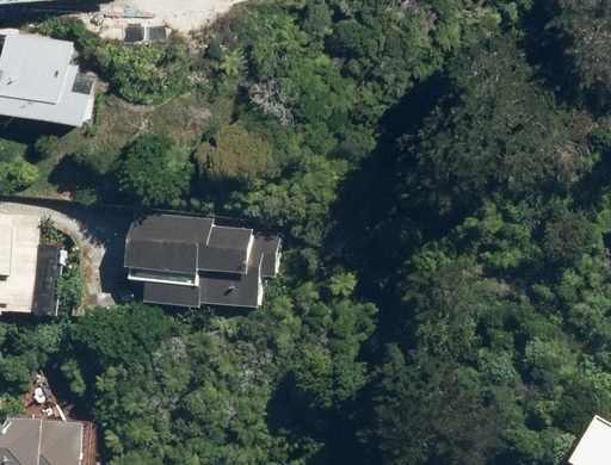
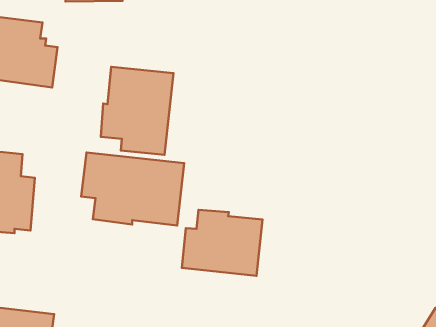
building: none -> [101,67,173,155]
building: none -> [182,210,262,276]

